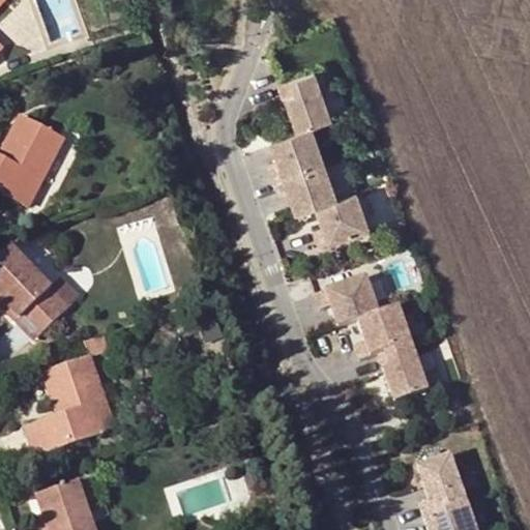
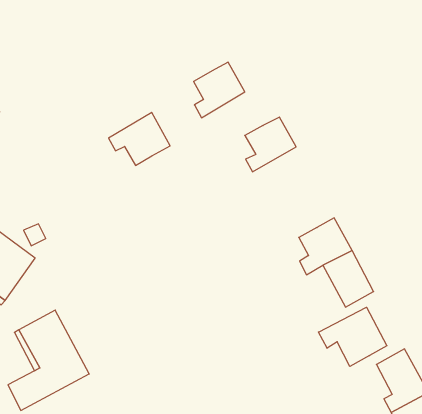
building: [278,69,332,129] -> none
building: [275,158,338,211] -> [109,112,170,165]
building: [315,276,378,326] -> none
building: none -> [318,307,387,366]

